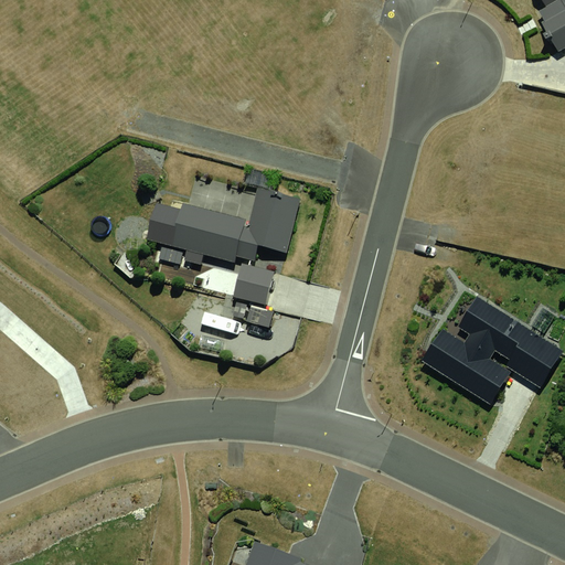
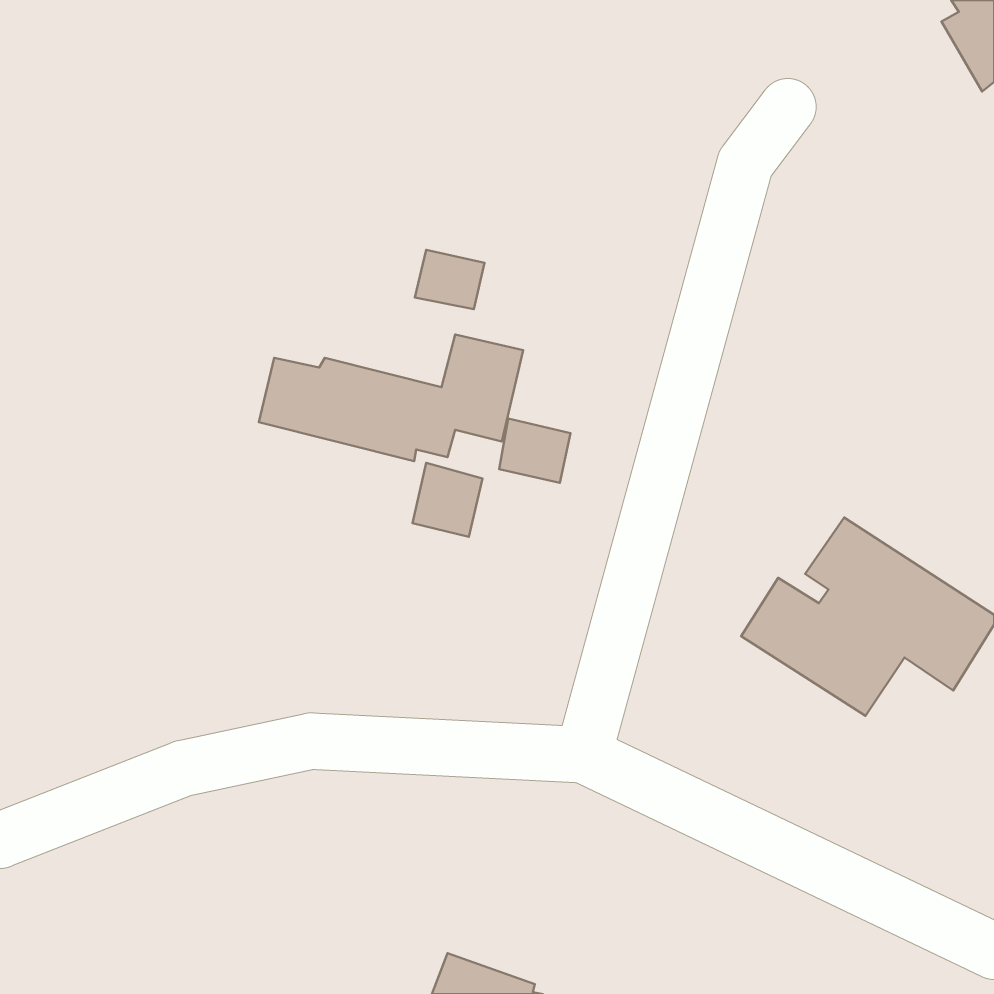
building: none -> [415,250,484,309]
building: none -> [499,419,571,483]

